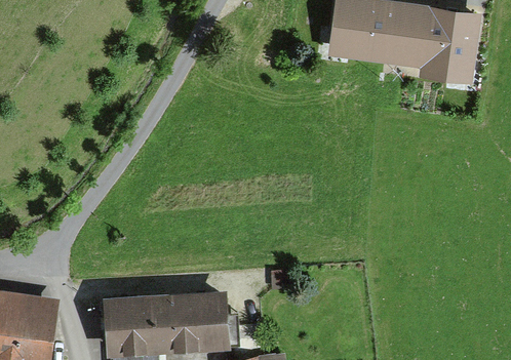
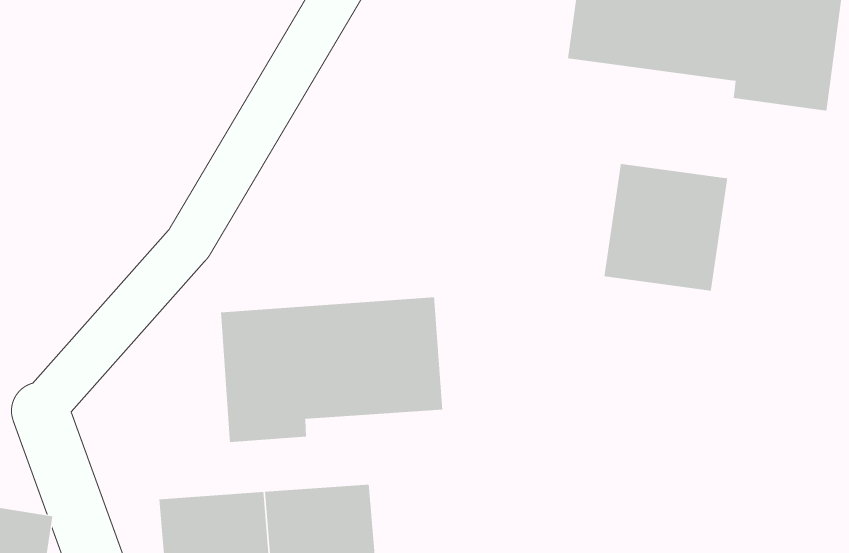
building: none -> [604,163,728,292]
building: none -> [220,296,443,443]

